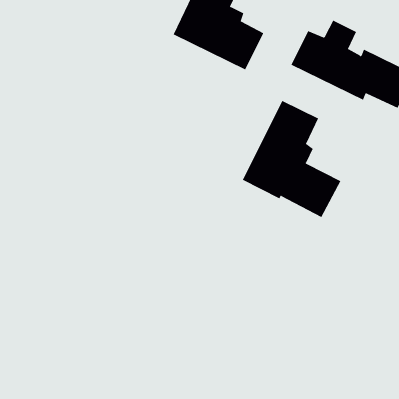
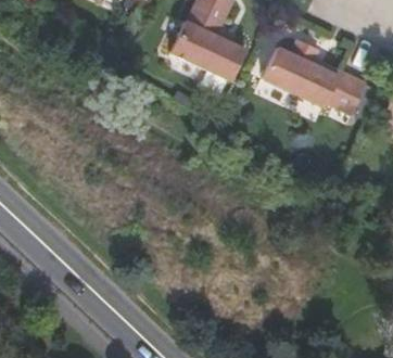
building: [242,100,341,218] -> none

